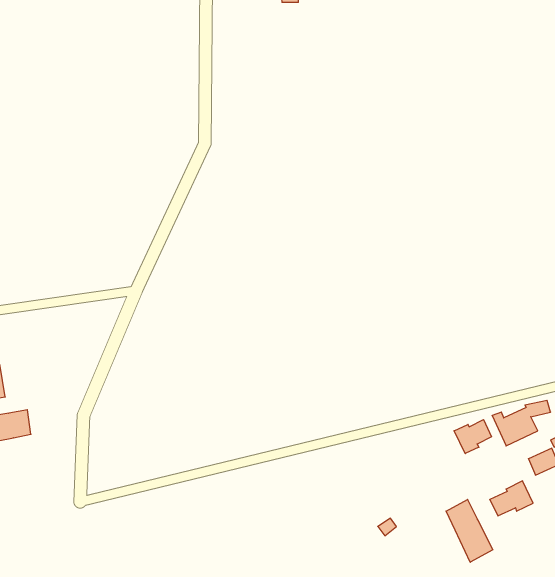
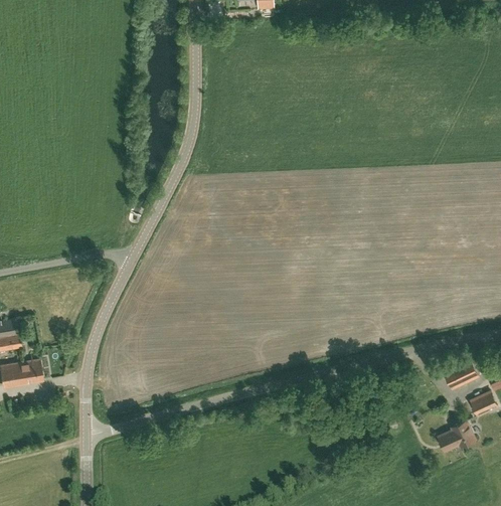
building: [454,420,491,454] -> none
building: [446,499,493,562] -> none

